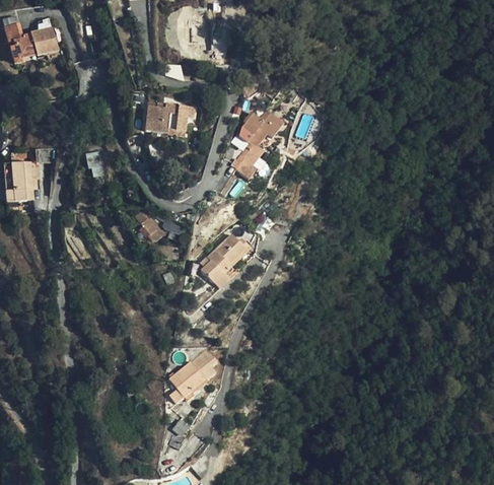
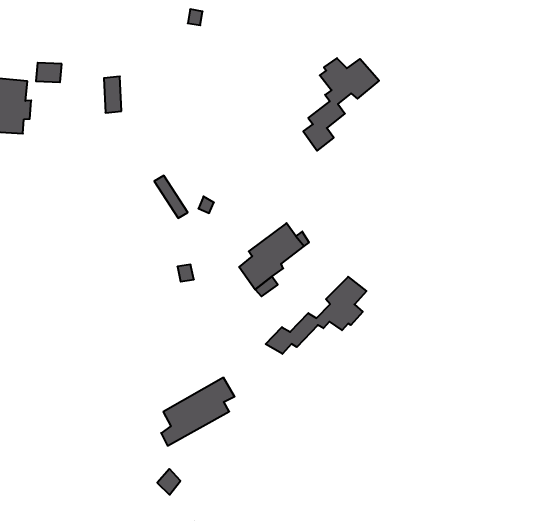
building: [147,102,196,135] -> none
building: none -> [266,277,366,354]

